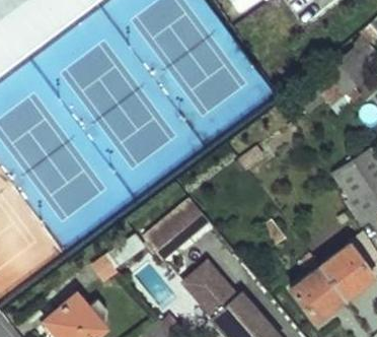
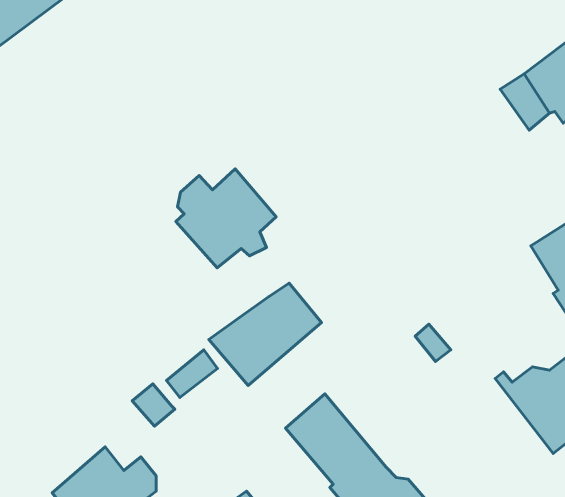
building: none -> [176,169,276,268]
building: [291,252,344,318] -> none

